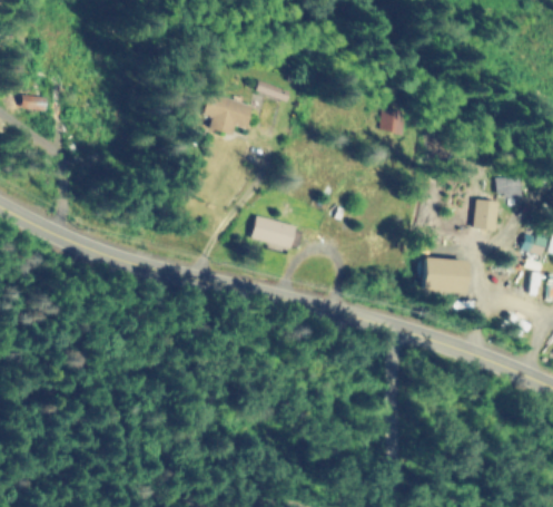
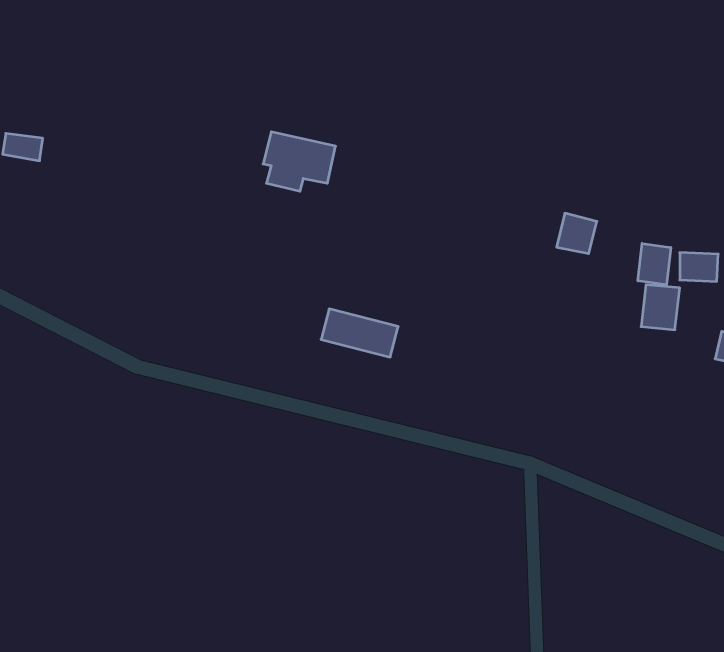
building: [384,106,412,134] -> [557,213,597,254]
building: none -> [638,243,671,285]
building: [415,259,461,292] -> none

